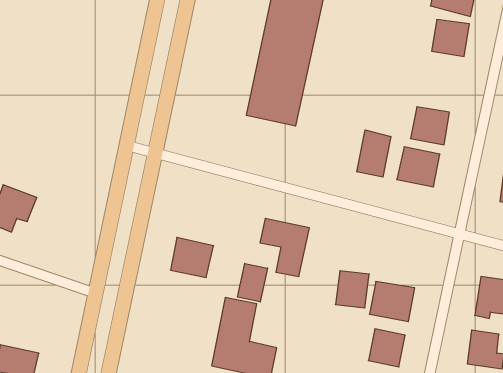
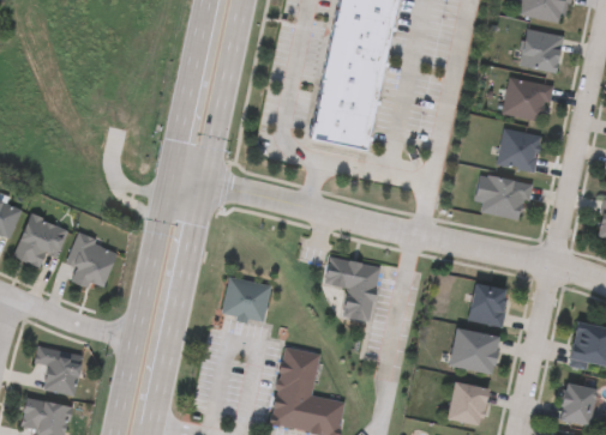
building: none -> [502,75,551,122]
building: [357,130,391,177] -> none
building: none -> [67,237,119,294]
building: [237,263,268,302] -> none
building: [335,271,369,308] -> [469,283,508,325]
building: none -> [35,349,84,399]

